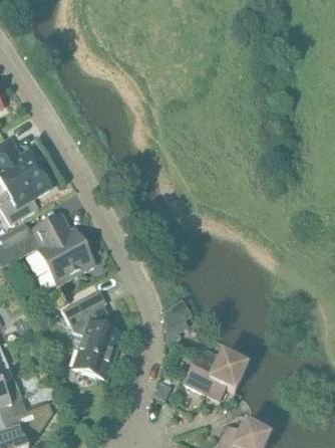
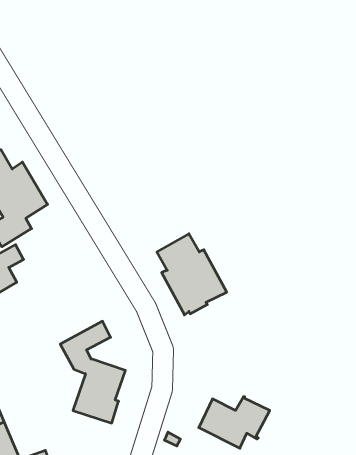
building: [32,212,93,283] -> [157,234,227,315]
building: [163,298,192,332] -> none

